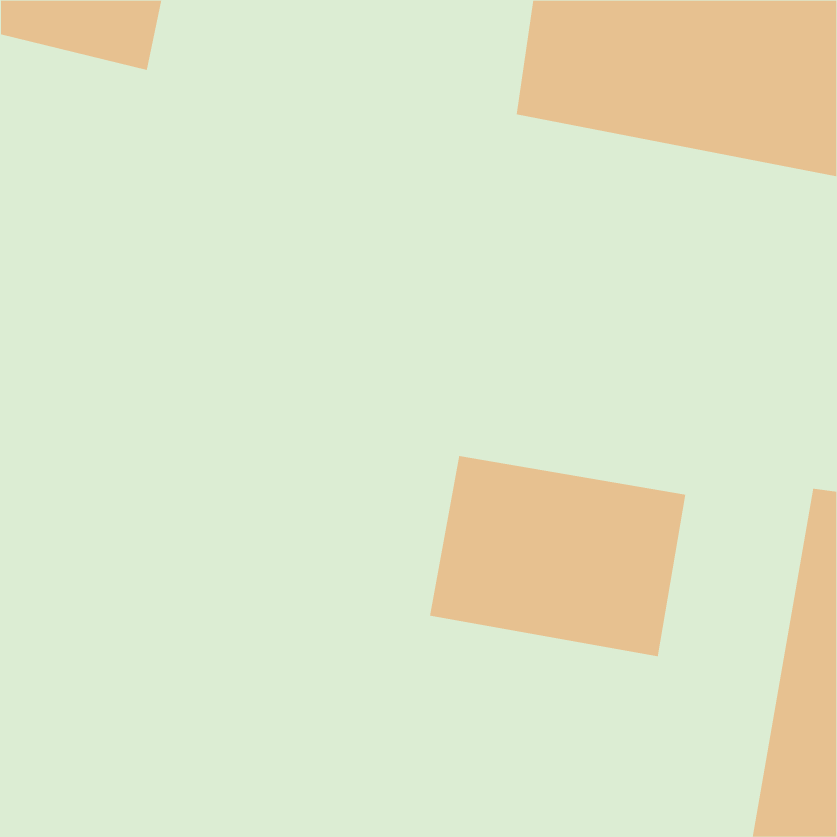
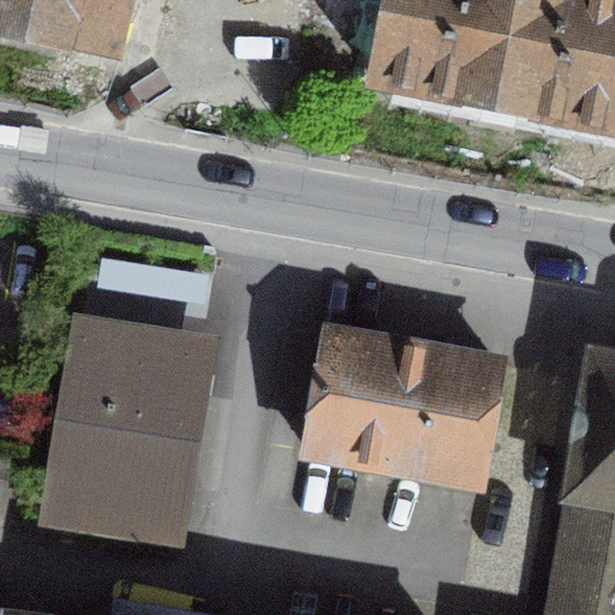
building: none -> [50,332,195,543]

